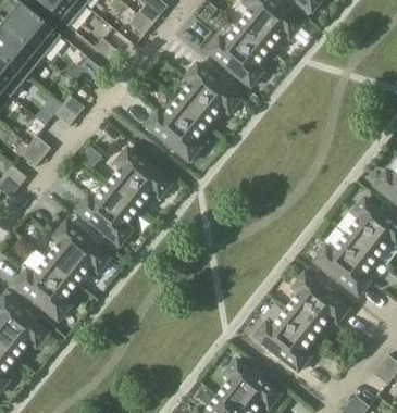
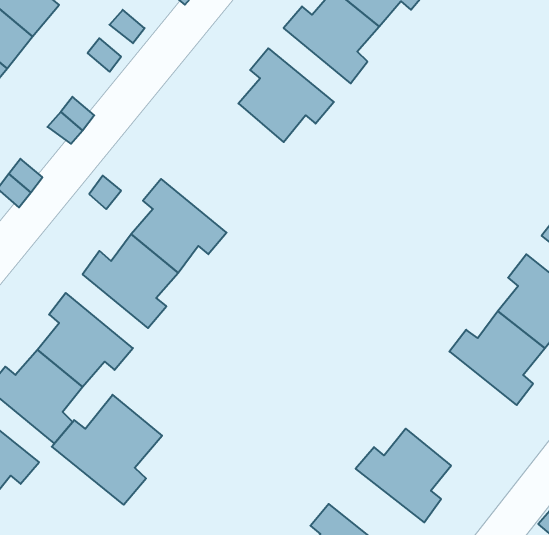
building: [147,99,208,160] -> none
building: [287,273,349,334] -> none
building: none -> [52,395,162,505]

